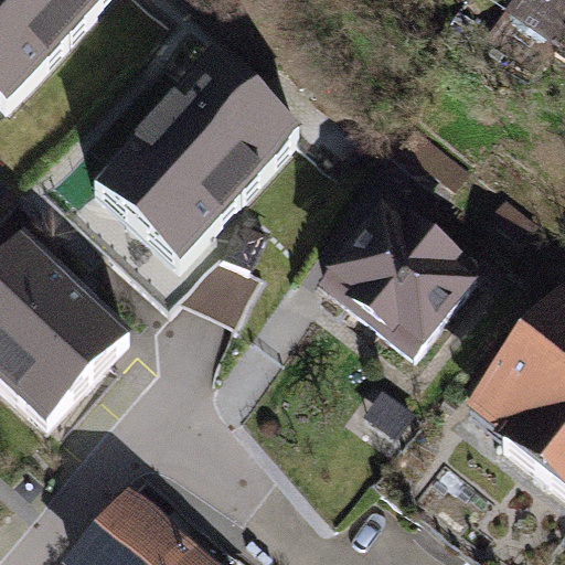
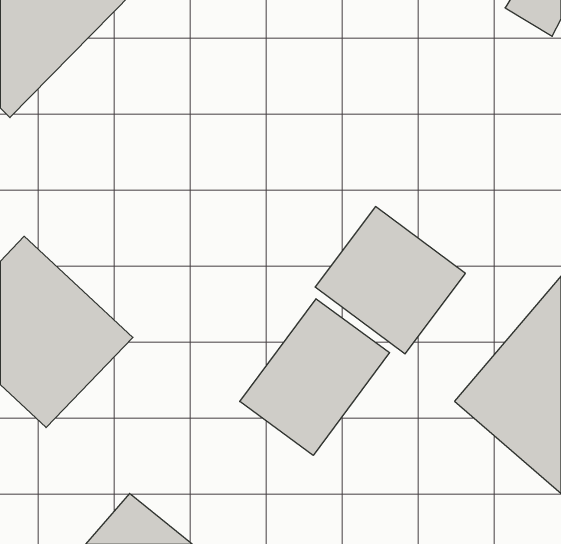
building: [93,44,307,264] -> none
building: none -> [240,299,390,455]

